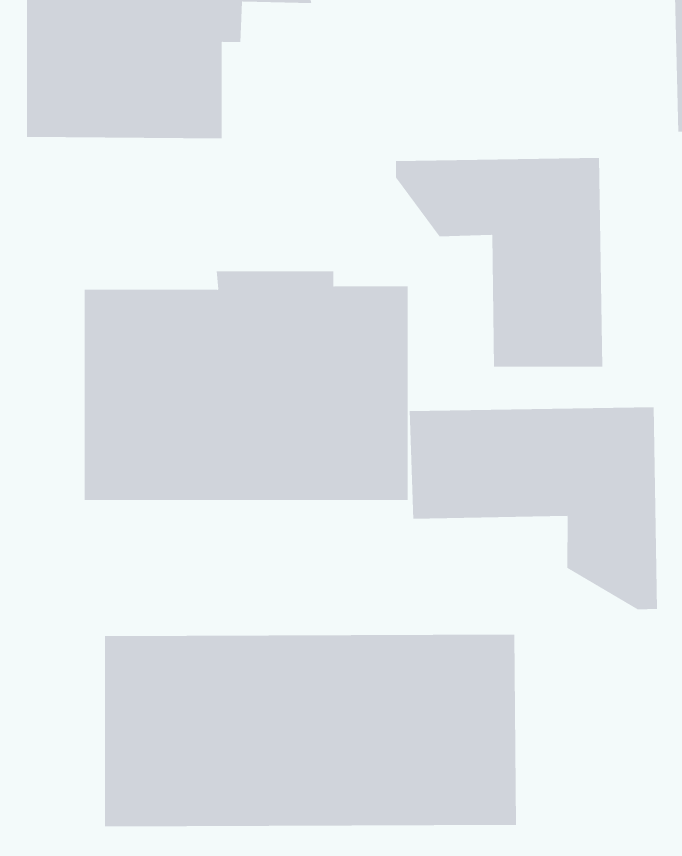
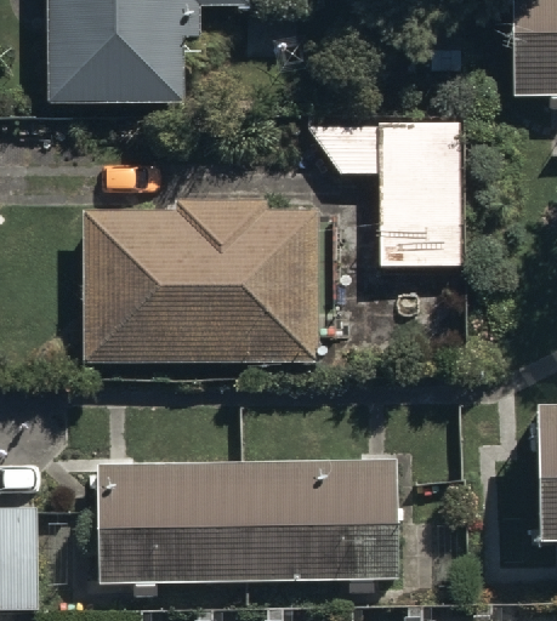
building: [409,406,657,610] -> none

